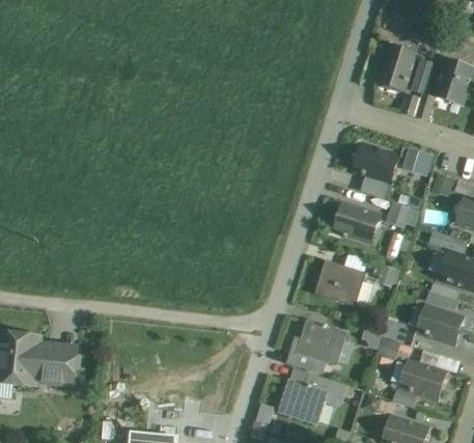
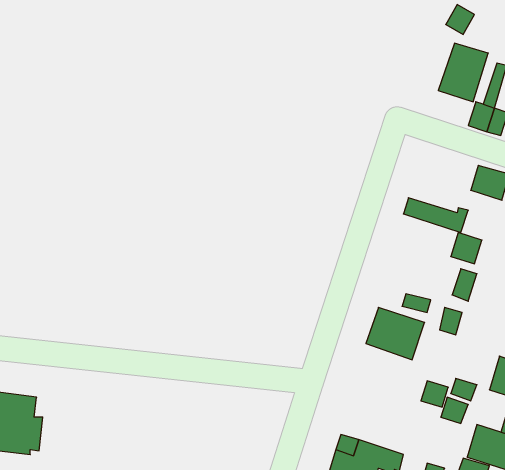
building: [350,142,399,184] -> none
building: [331,201,380,243] -> none
building: [299,322,343,363] -> none
building: [43,354,76,385] -> none

